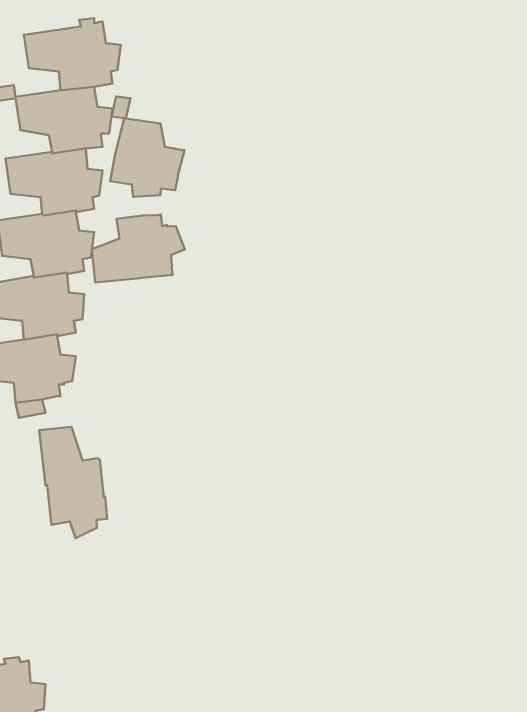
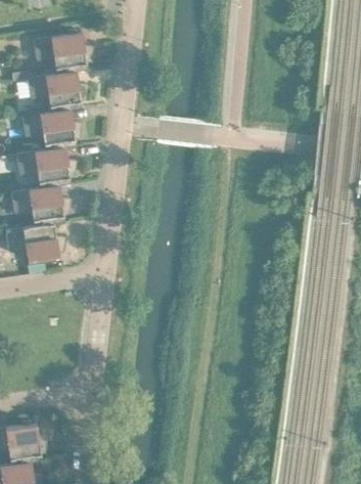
building: [110,96,185,197] -> none
building: [92,214,185,283] -> none
building: [39,427,107,538] -> none

